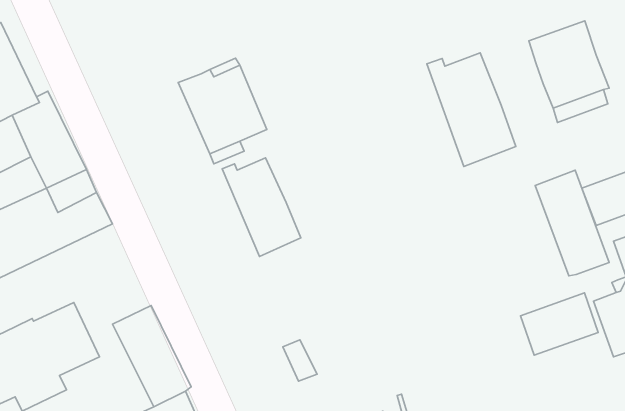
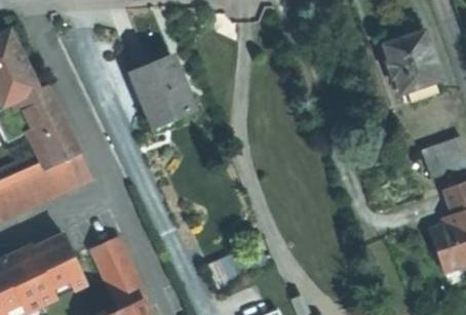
building: [427,53,516,166] -> none
building: [222,158,301,256] -> none
building: [535,170,609,276] -> none
building: [521,293,598,355] -> none

